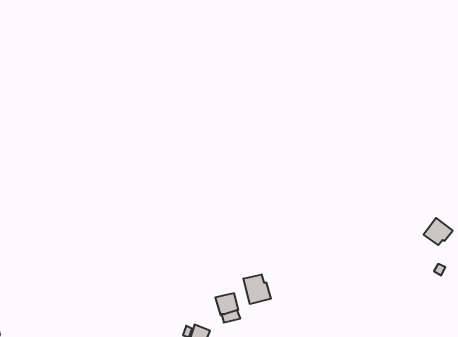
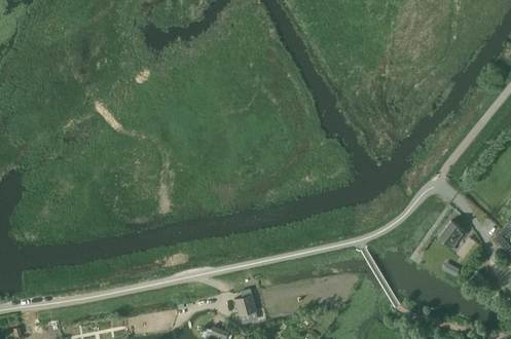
building: [243,274,271,304] -> none

